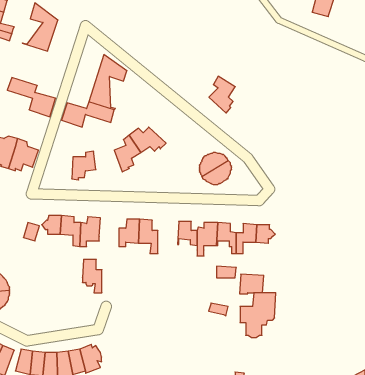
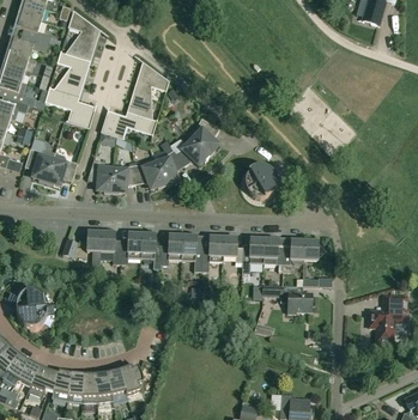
building: none -> [49,51,86,96]
building: [209,76,235,113] -> [192,117,219,156]
building: none -> [86,158,113,193]
building: none -> [134,163,164,188]
building: none -> [201,236,223,272]
building: [82,259,102,293] -> [140,233,160,268]
building: [240,293,276,338] -> [369,296,406,342]

